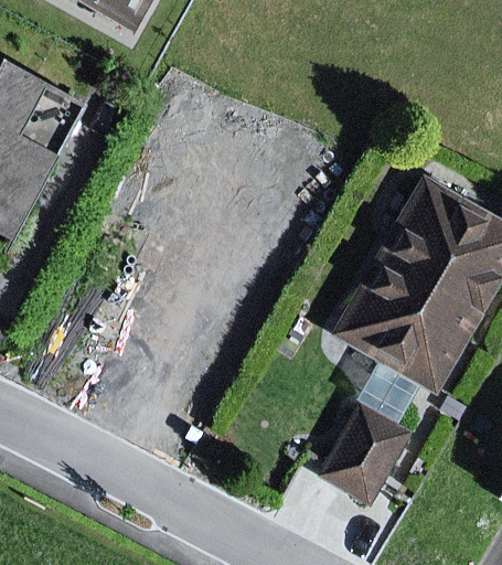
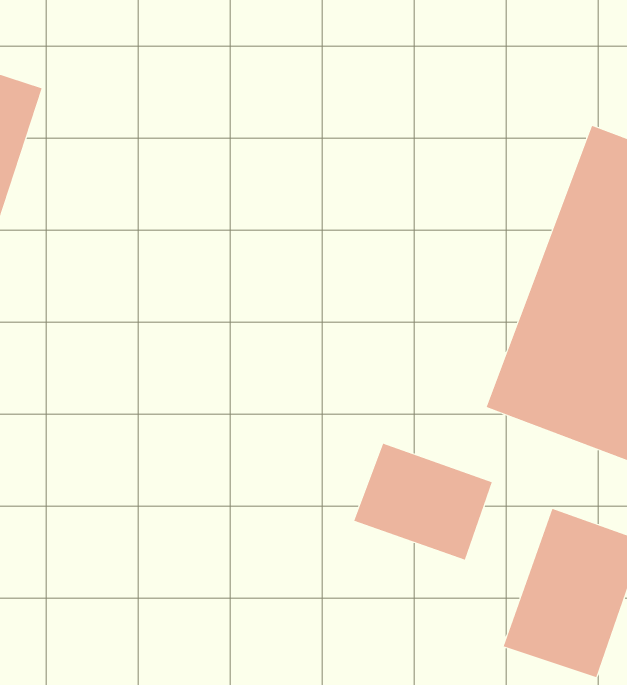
building: none -> [353,443,492,561]

